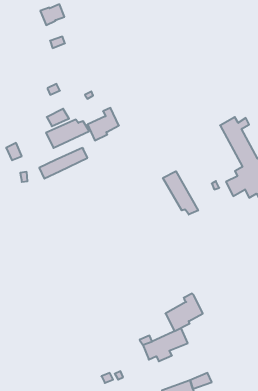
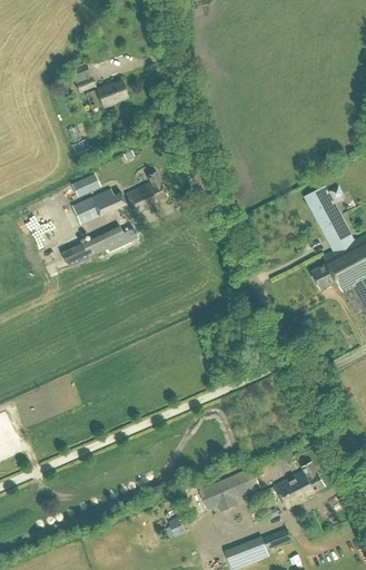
building: [40,4,64,25] -> [96,81,128,109]
building: [163,171,198,215] -> none
building: [165,294,203,331] -> [276,460,326,510]

